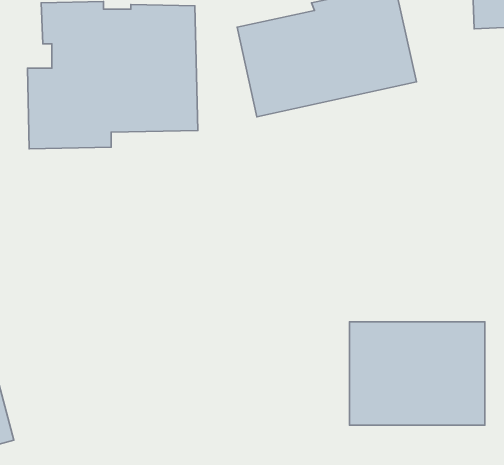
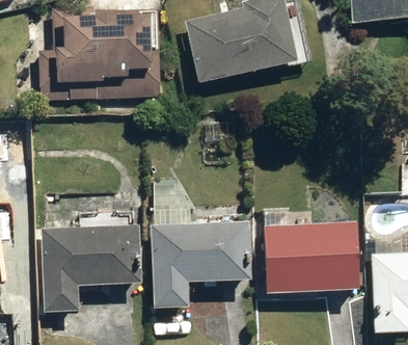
building: none -> [151,220,250,309]
building: none -> [40,223,141,313]

